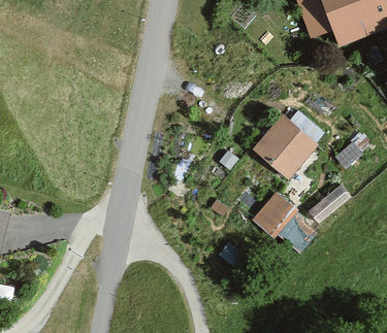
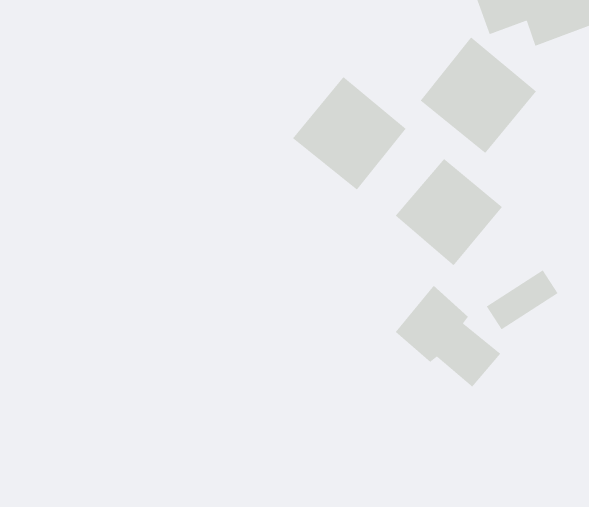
building: none -> [420,37,537,154]
building: none -> [292,76,407,190]

